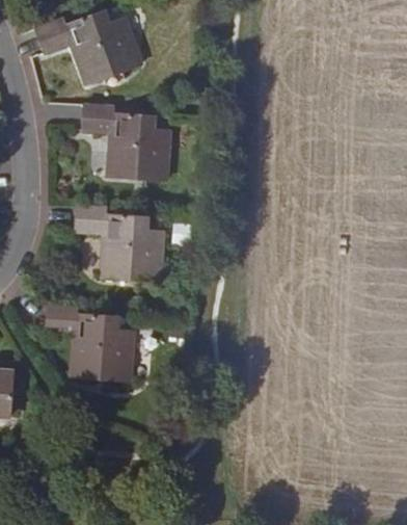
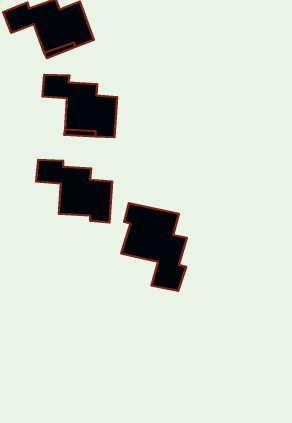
building: none -> [121,203,187,291]
building: [45,305,133,380] -> none

